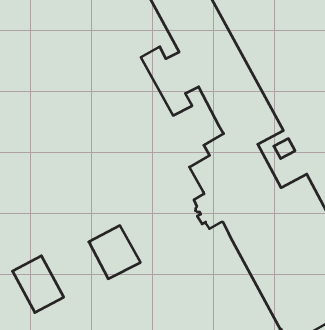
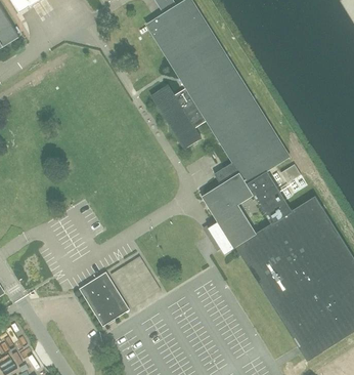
building: [12,256,64,313] -> [80,270,130,325]

